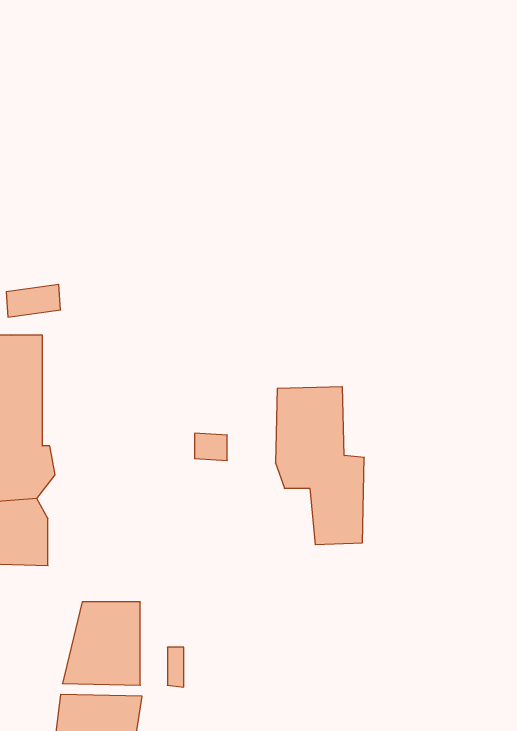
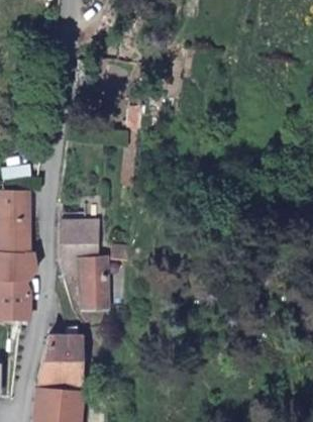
building: [275,387,364,545] -> [61,218,110,306]

